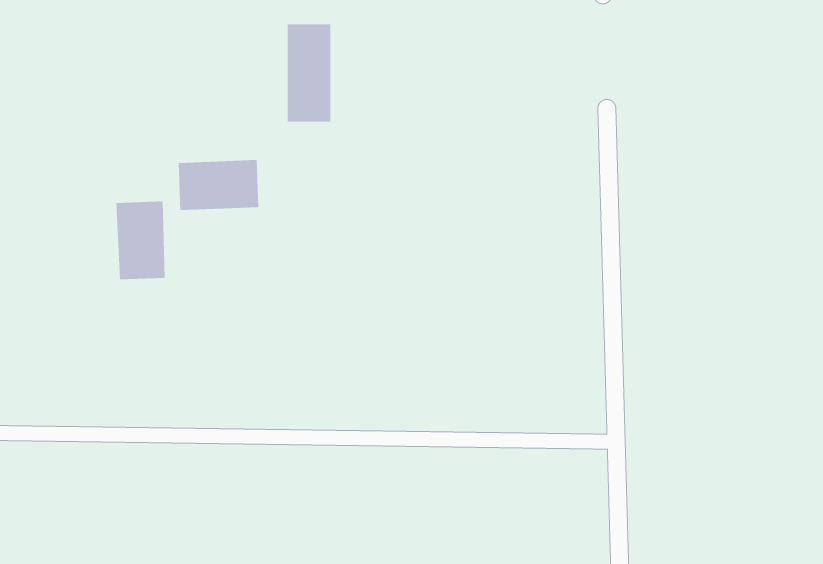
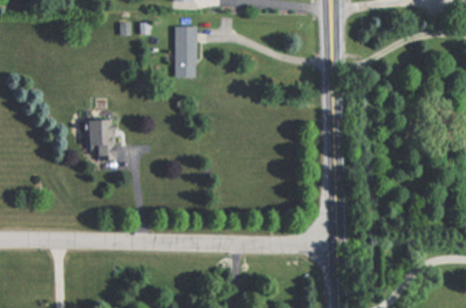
building: [178,159,259,211] -> none

